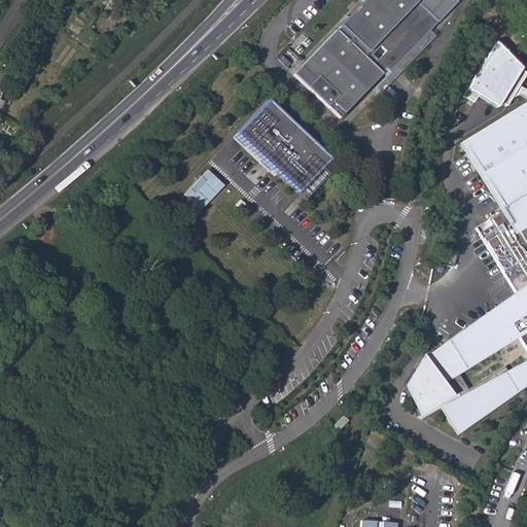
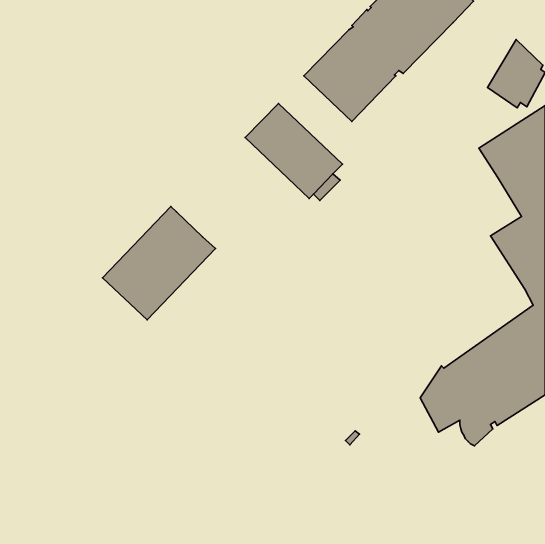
building: [184,169,224,209] -> none
building: none -> [103,206,216,320]

